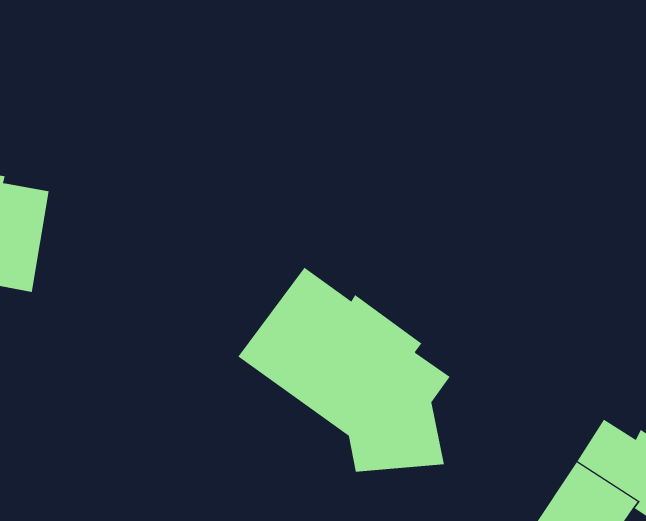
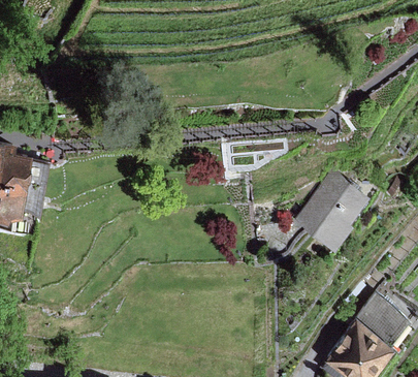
building: none -> [296,172,365,250]
building: [238,267,451,473] -> none

